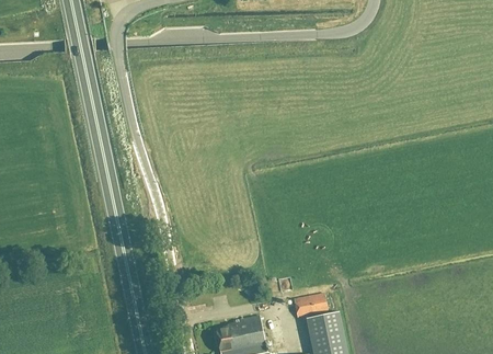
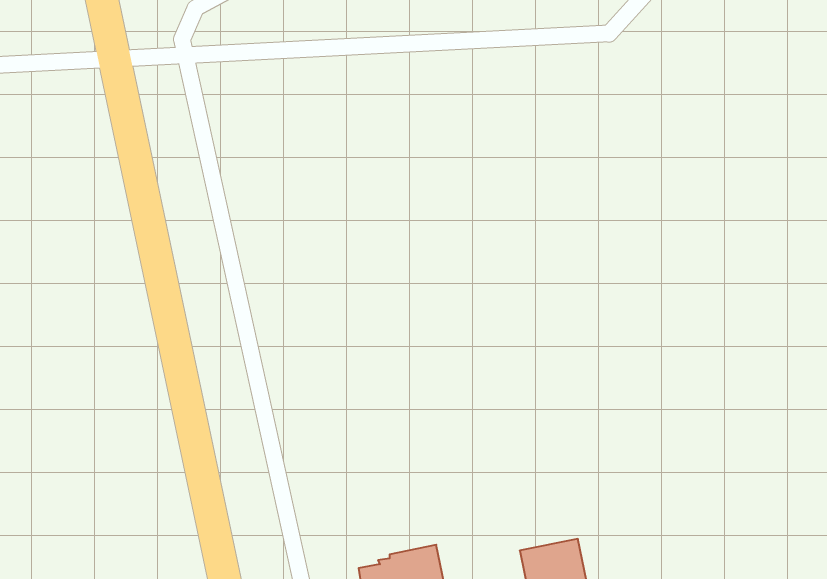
building: [291,293,326,317] -> none

